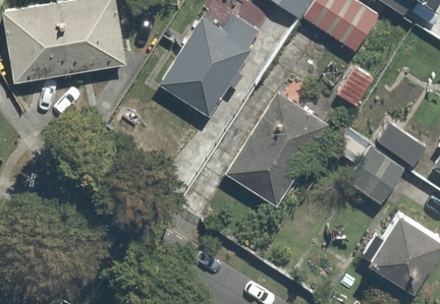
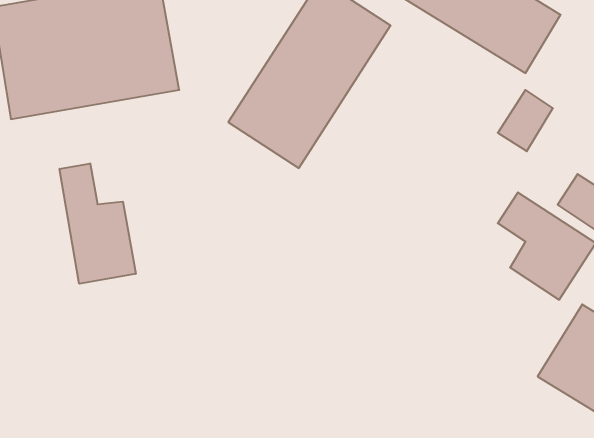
building: [222,95,327,205] -> none
building: none -> [60,163,136,284]

